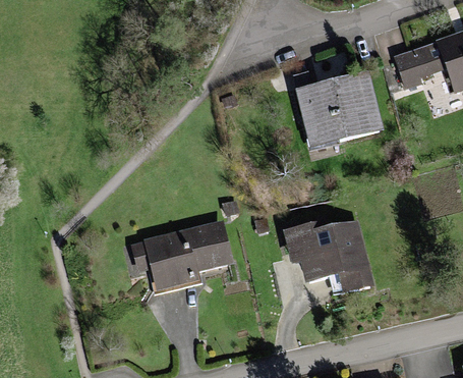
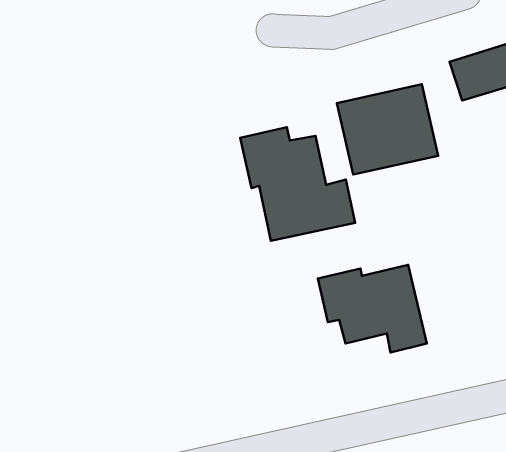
building: none -> [240,127,355,241]
building: [140,220,232,294] -> none

